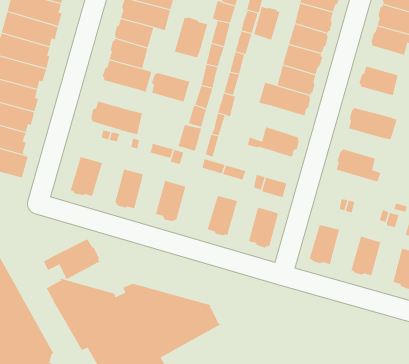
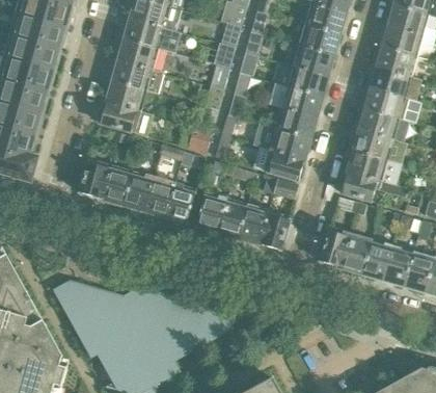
building: [253,6,280,40] -> none
building: [174,16,208,58] -> none
building: none -> [377,46,416,76]
building: [151,72,190,102] -> [107,81,146,111]
building: none -> [363,87,405,117]
building: none -> [276,107,316,139]
building: none -> [352,130,392,160]
building: none -> [252,147,303,181]
building: none -> [102,164,133,206]
building: none -> [340,172,407,202]
building: none -> [144,176,174,217]
building: none -> [196,191,227,232]
building: none -> [238,203,268,243]
building: none -> [342,232,372,274]
building: [43,238,101,280] -> none
building: none -> [383,244,413,286]

